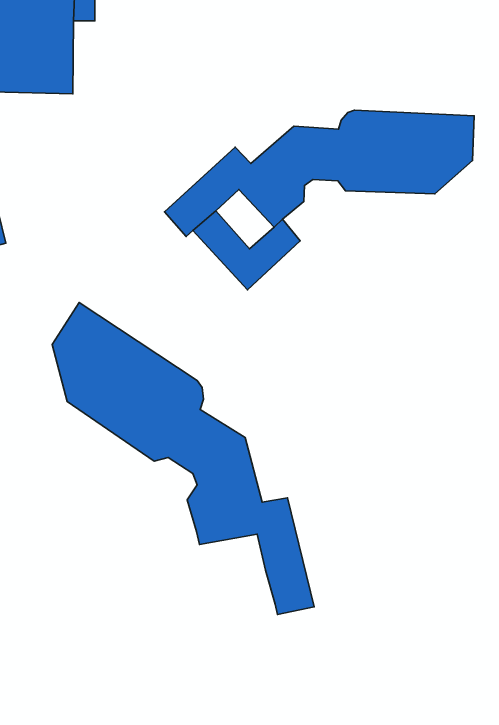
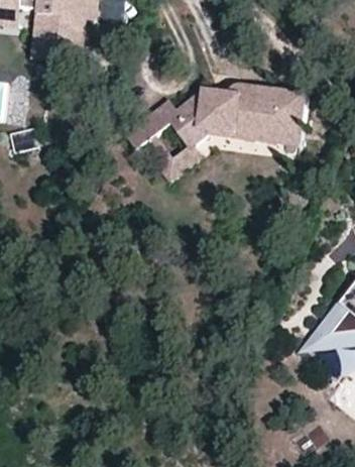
building: none -> [205,118,303,146]
building: [52,302,314,614] -> none

